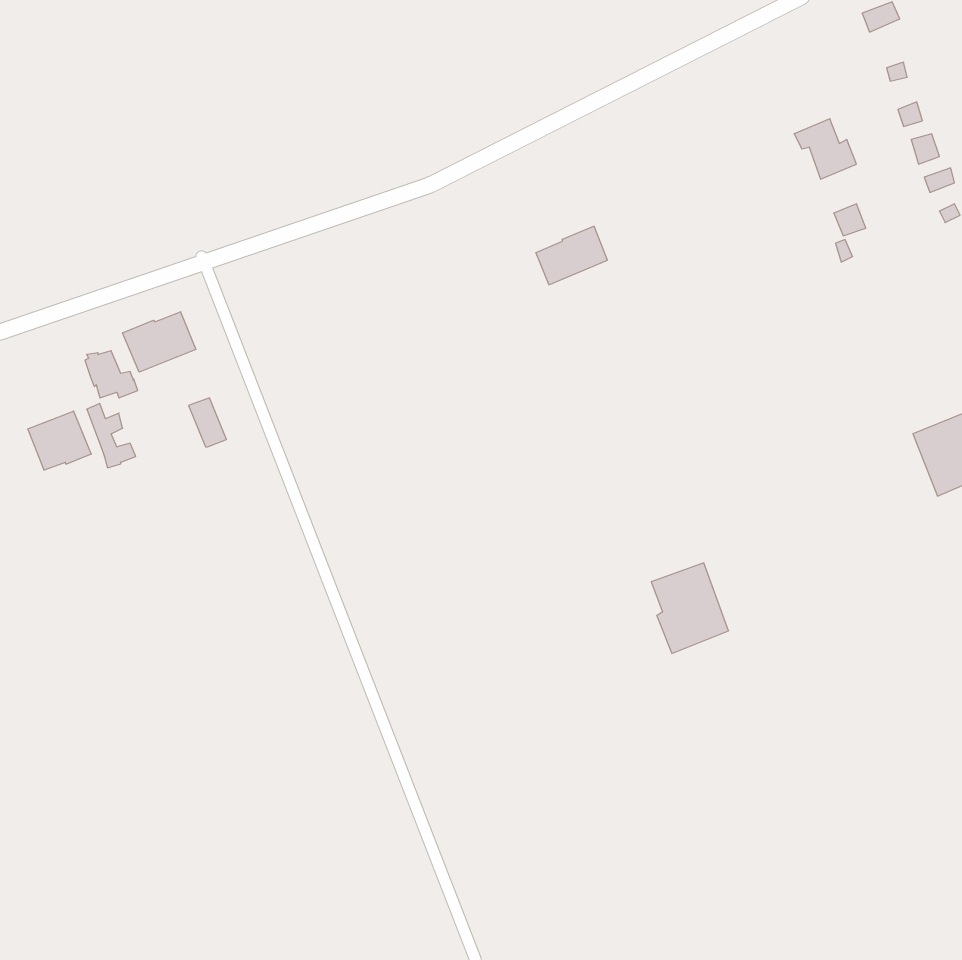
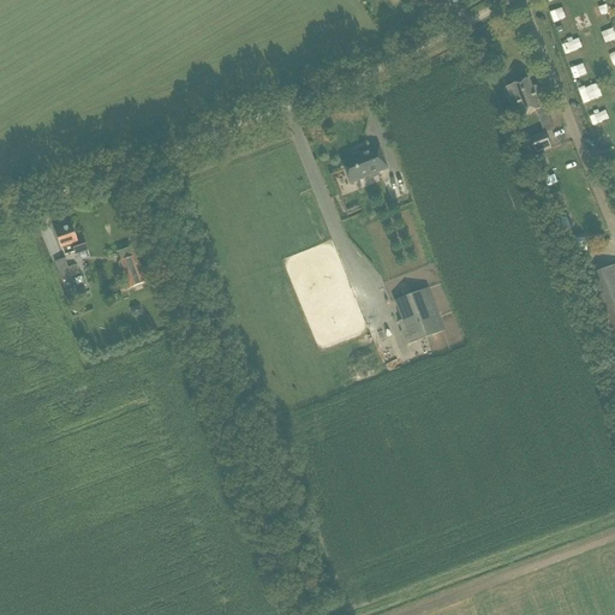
building: [123,312,196,372] -> none
building: [28,411,91,470] -> none
building: [651,563,729,653] -> [395,286,444,344]

